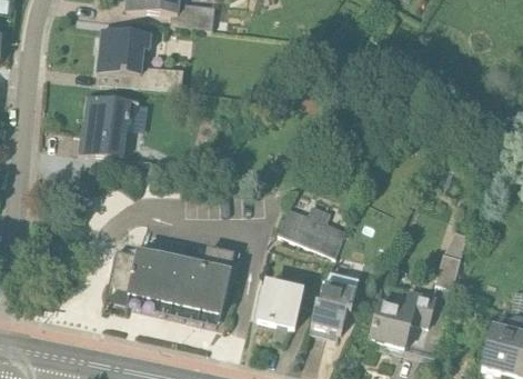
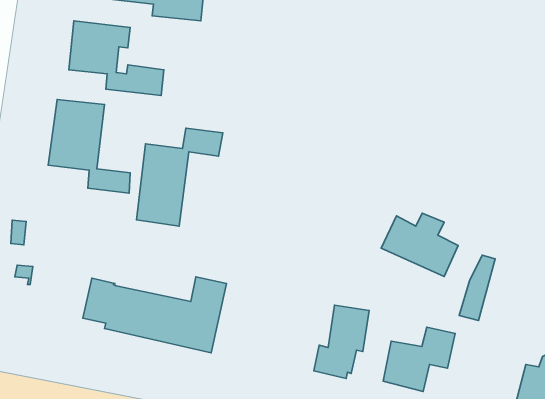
building: none -> [137,128,223,226]
building: [276,202,343,257] -> [381,213,458,276]
building: [258,288,303,326] -> none

